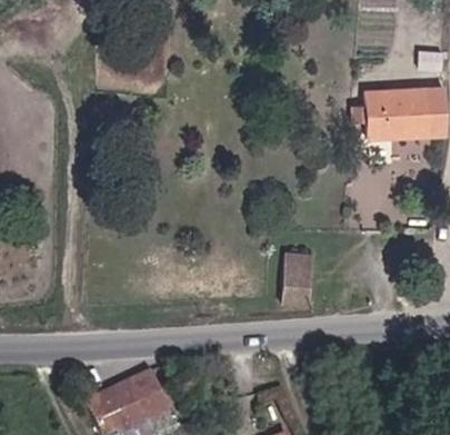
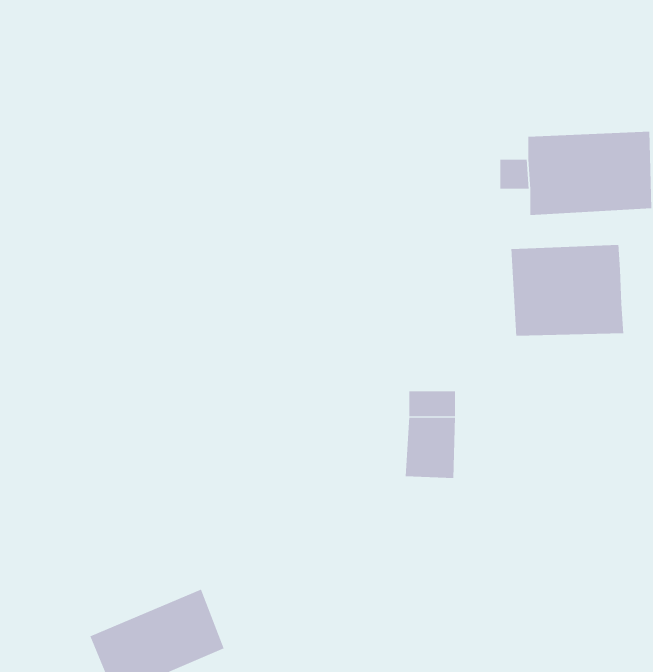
building: none -> [511,244,624,337]

